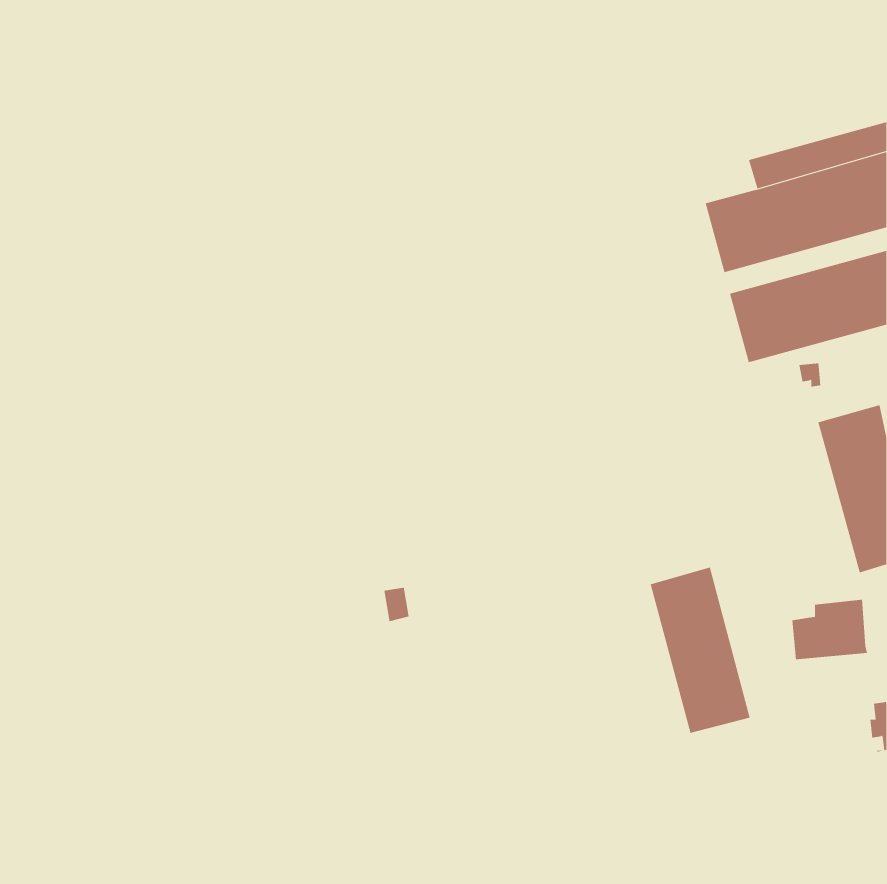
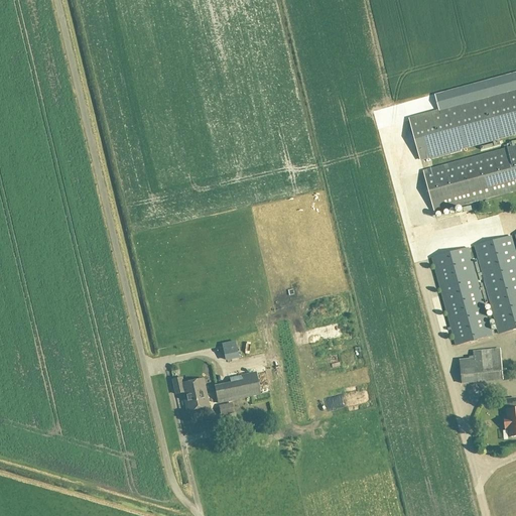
building: [650,567,750,733] -> [432,247,491,344]
building: none -> [216,372,260,402]
building: none -> [172,377,209,410]

